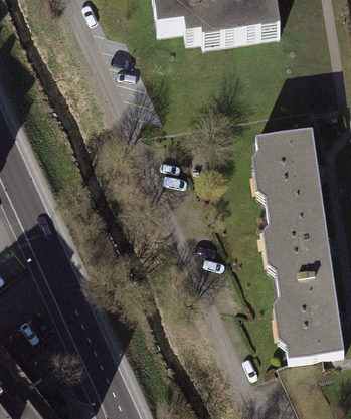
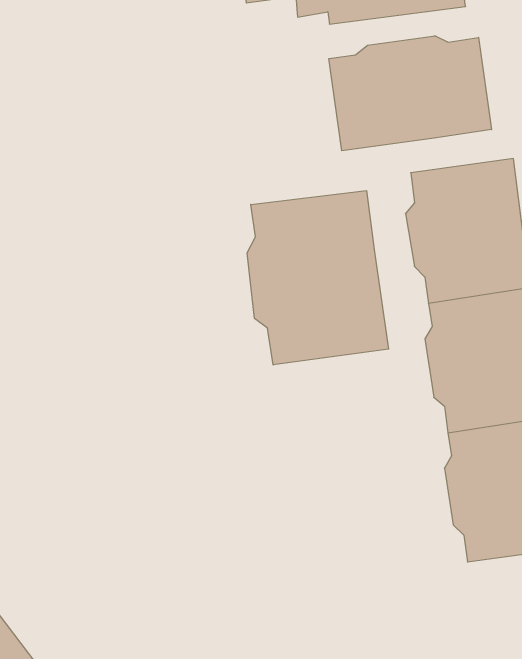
building: none -> [329,36,491,151]
building: none -> [247,191,389,365]

